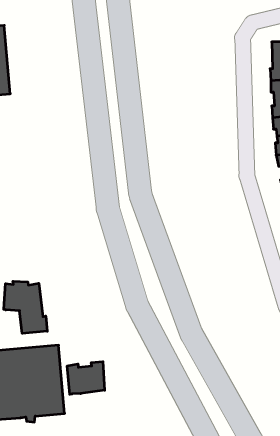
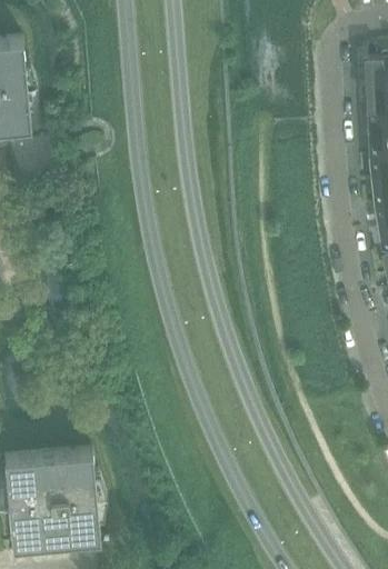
building: [4,281,47,333] -> none
building: [67,362,105,394] -> none

